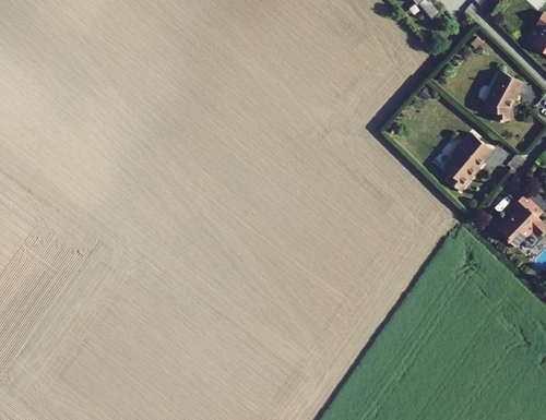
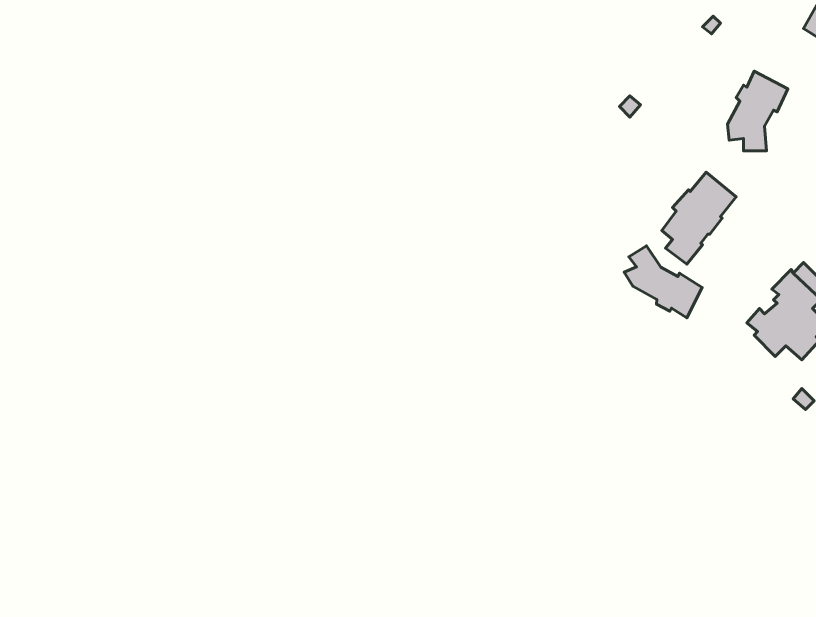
building: none -> [624,246,702,318]

